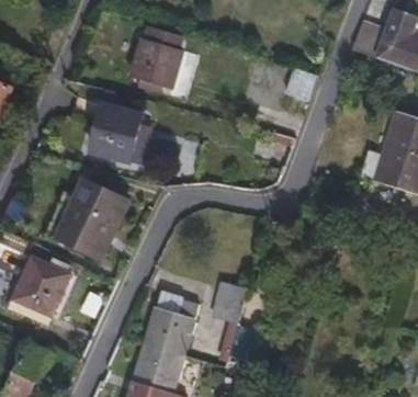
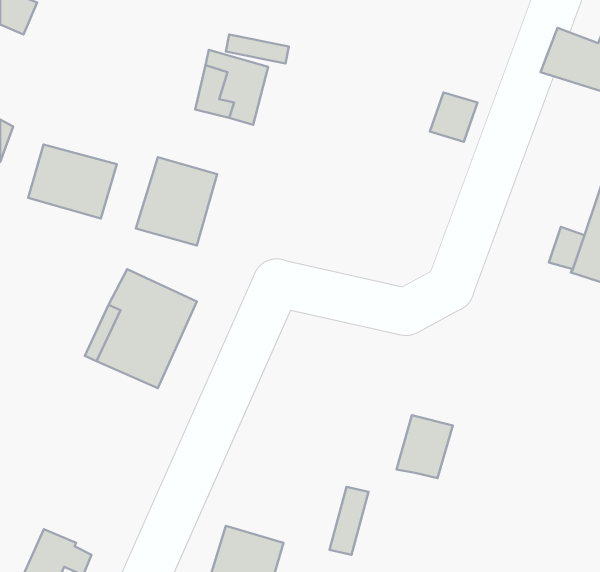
building: none -> [28,145,117,218]
building: [14,256,69,314] -> none
building: [212,280,248,320] -> [397,415,453,478]
building: [146,298,199,353] -> none

